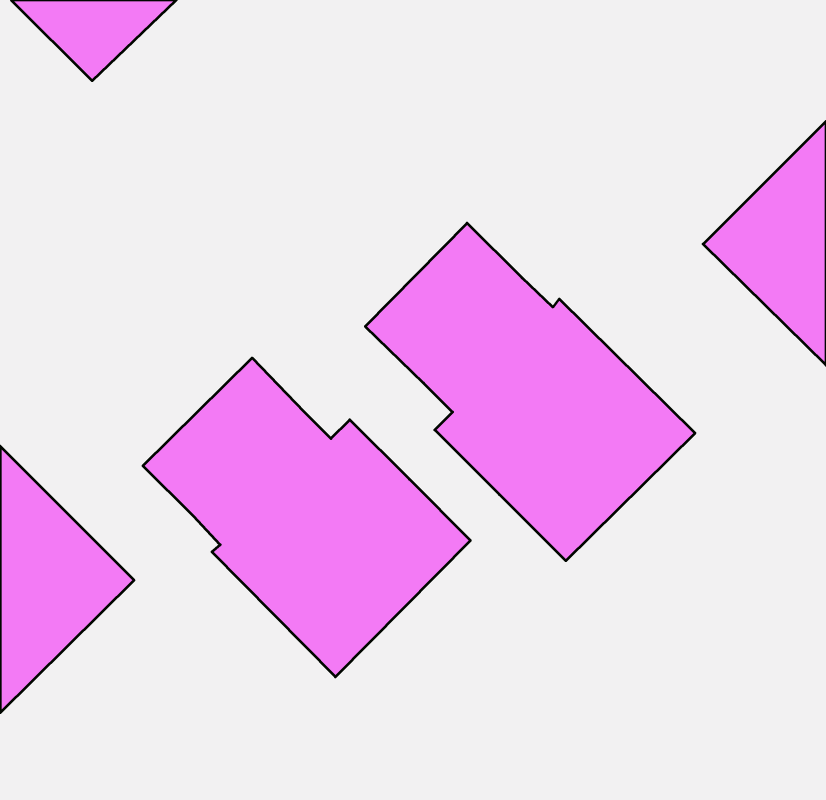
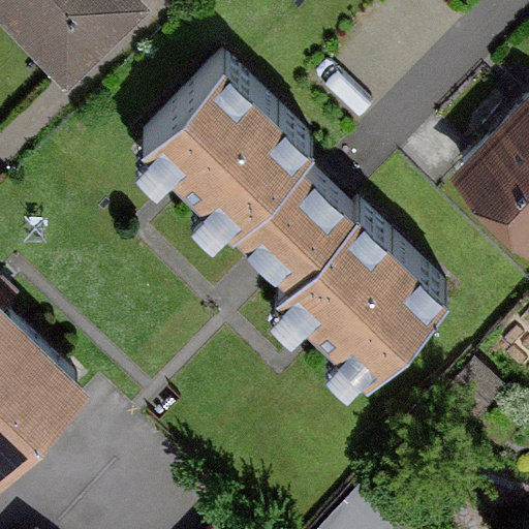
building: none -> [141,62,310,230]
building: [143,358,470,677] -> none

